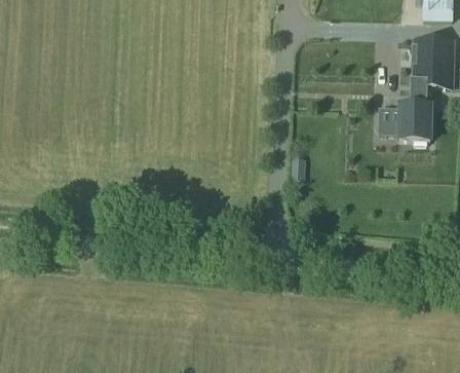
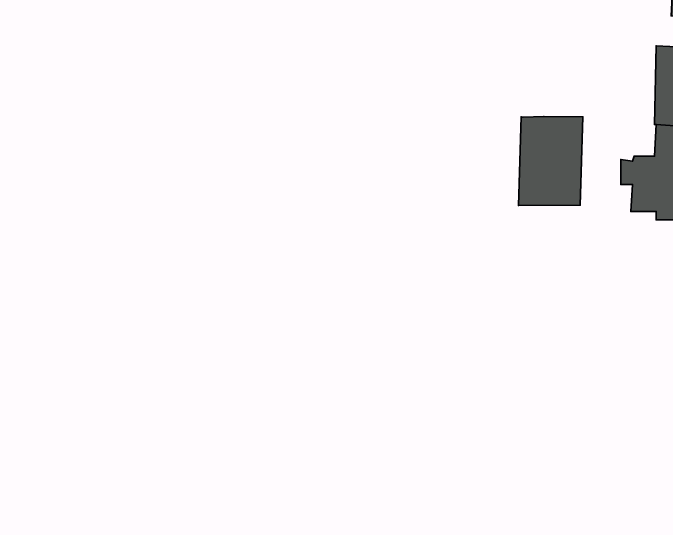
building: none -> [519,116,583,205]

